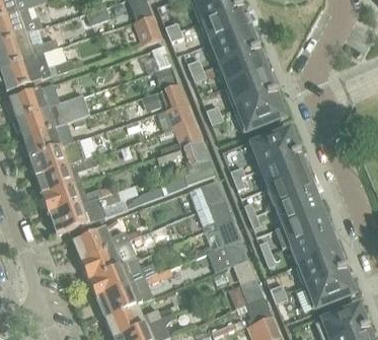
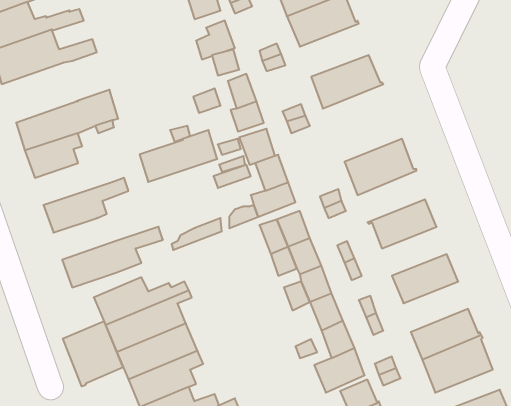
building: [217,49,266,86] -> none
building: [10,84,61,119] -> none
building: [233,91,283,132] -> none
building: [30,140,85,177] -> [140,130,217,182]
building: [257,152,305,189] -> none
building: [44,186,87,215] -> none
building: [275,192,320,226] -> none
building: [290,230,335,266] -> none
building: none -> [63,321,123,386]

